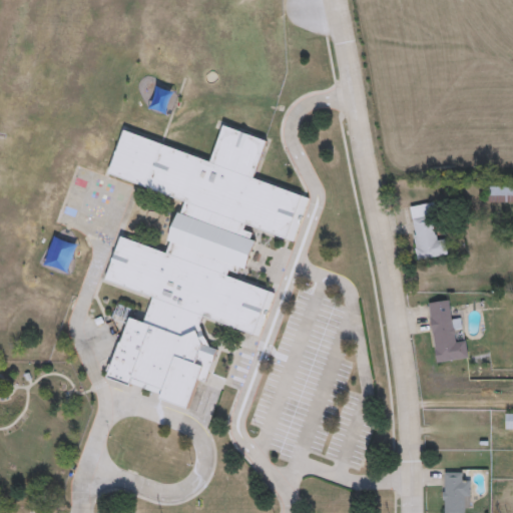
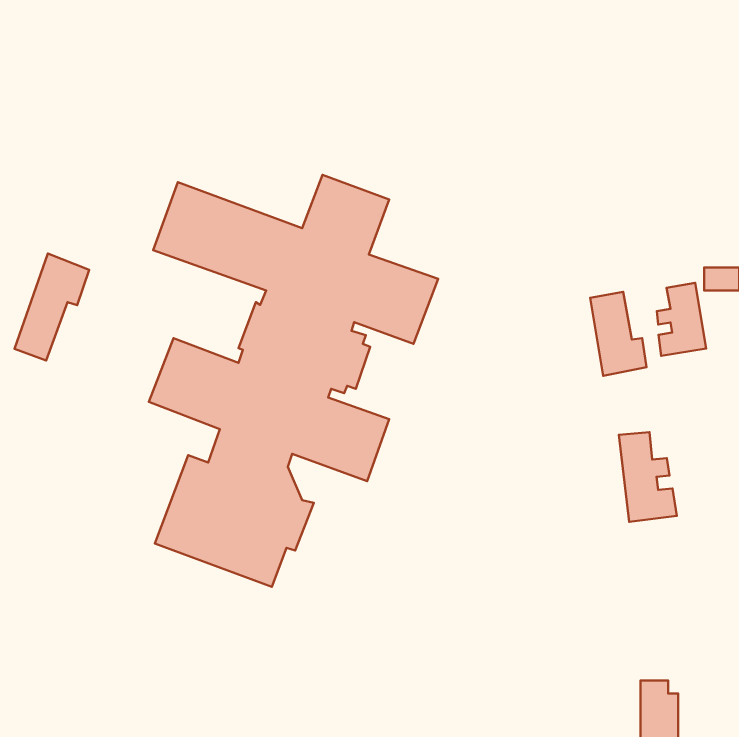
building: none -> [14,253,89,360]
building: none -> [657,283,706,356]

